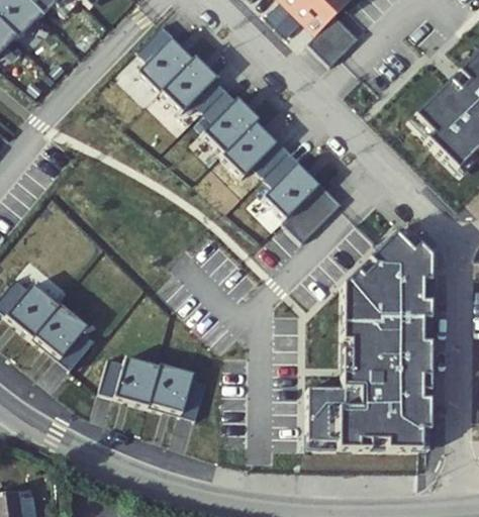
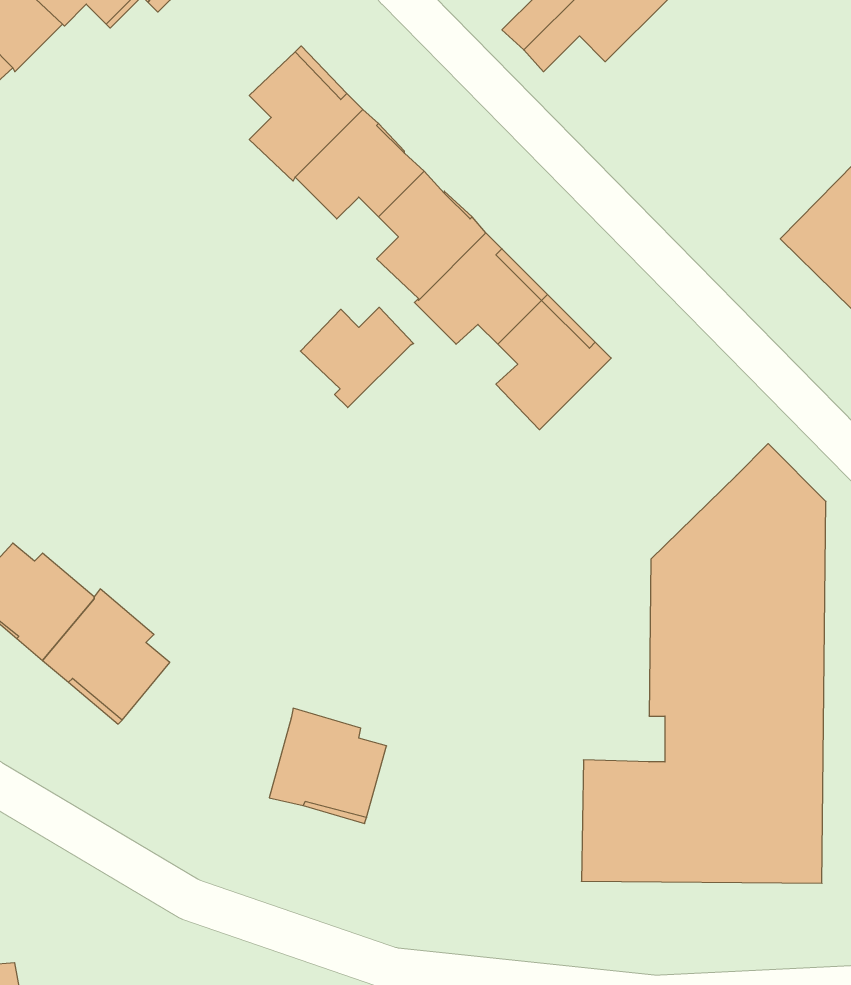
building: [310,15,360,66] -> none
building: none -> [300,307,414,408]
building: [284,183,343,241] -> none
building: [101,356,160,406] -> none

